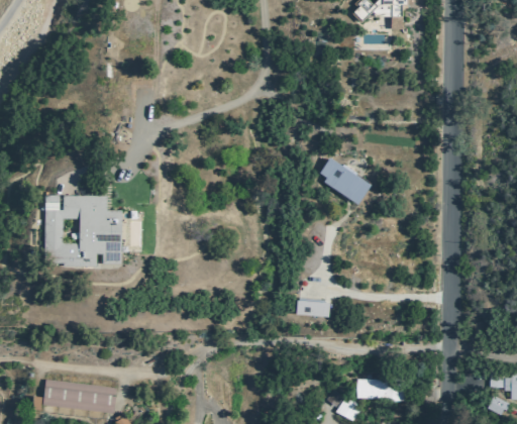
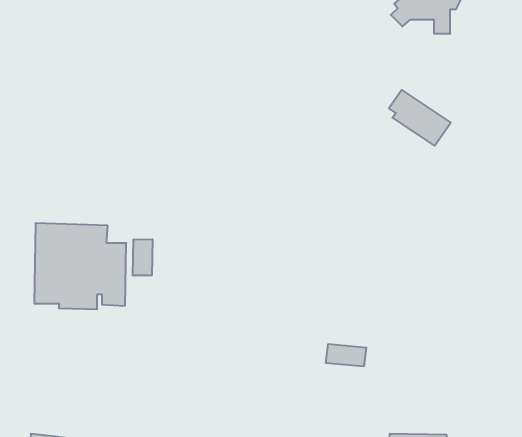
building: [322,158,376,207] -> [389,90,451,146]
building: none -> [133,239,152,276]

